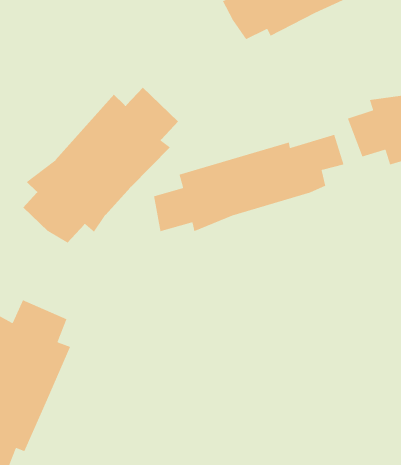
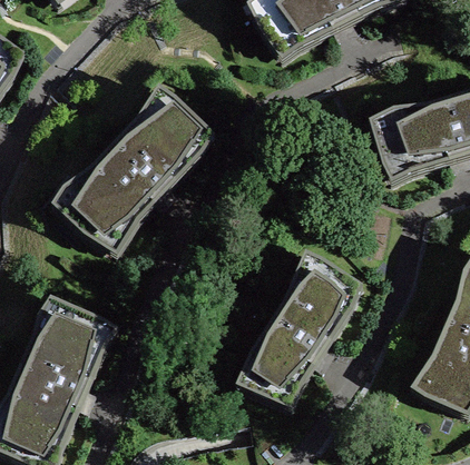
building: [153,134,344,232] -> none
building: none -> [244,257,358,403]

